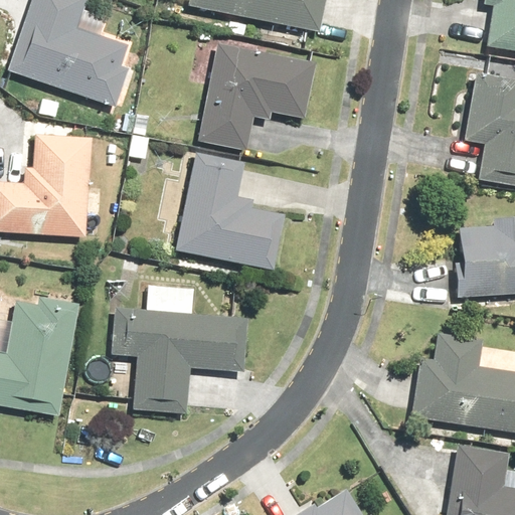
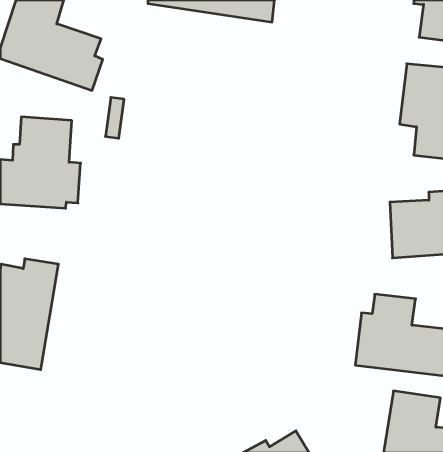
building: [197,44,314,151] -> none
building: [174,155,281,272] -> none
building: [108,286,250,411] -> none

